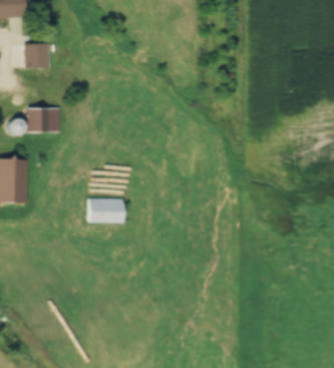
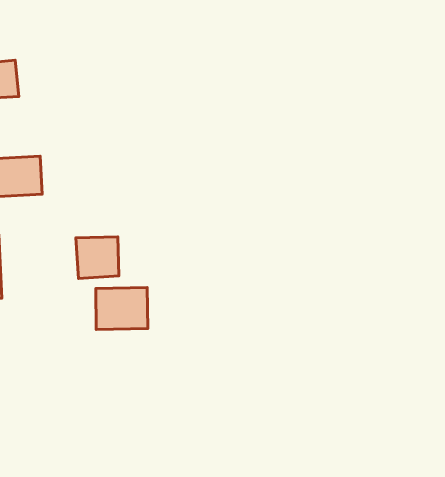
building: none -> [76,237,119,278]

